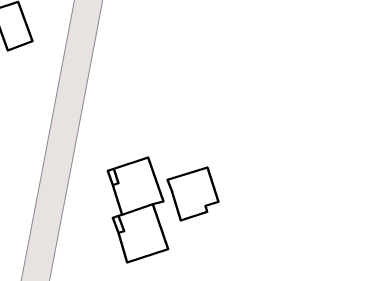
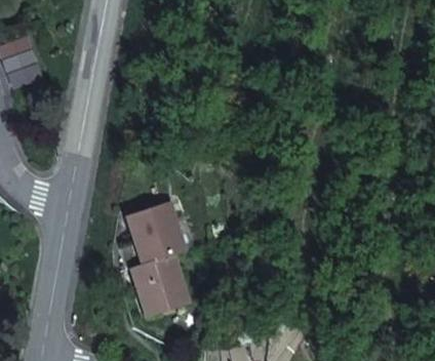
building: [168,168,218,220] -> none

